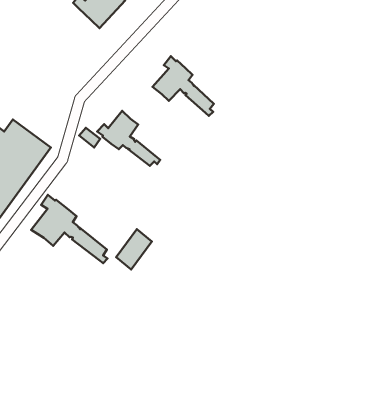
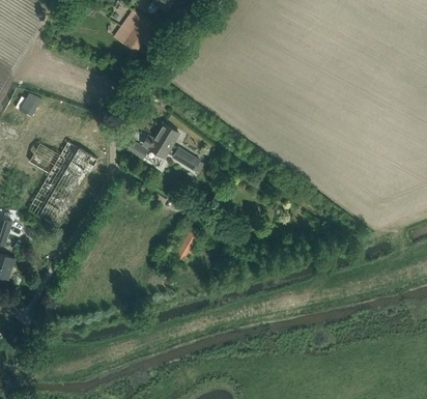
building: [152,56,214,116] -> none
building: [31,195,107,263] -> none

